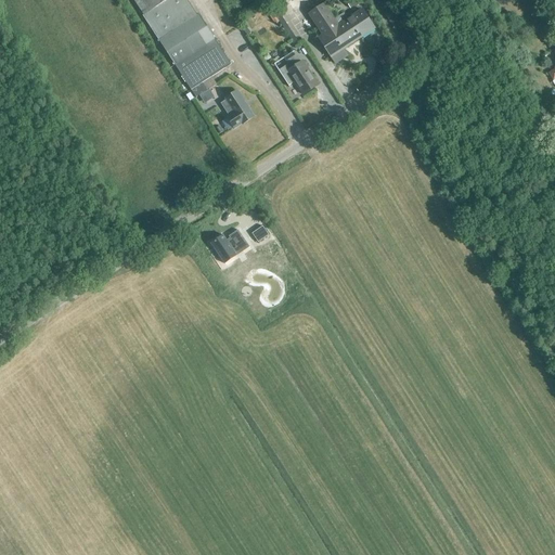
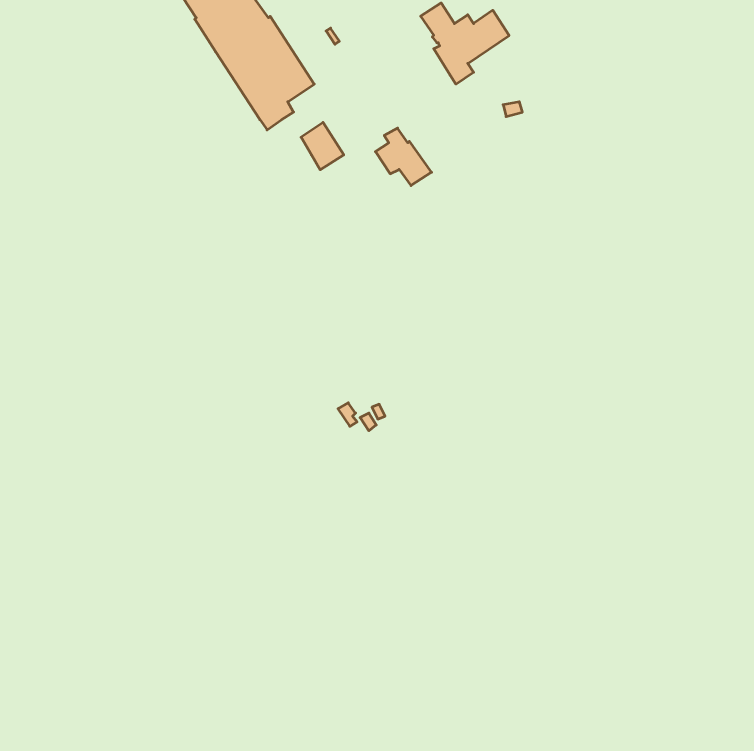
building: [278,50,319,92] -> [375,128,432,186]
building: [211,229,250,260] -> none

